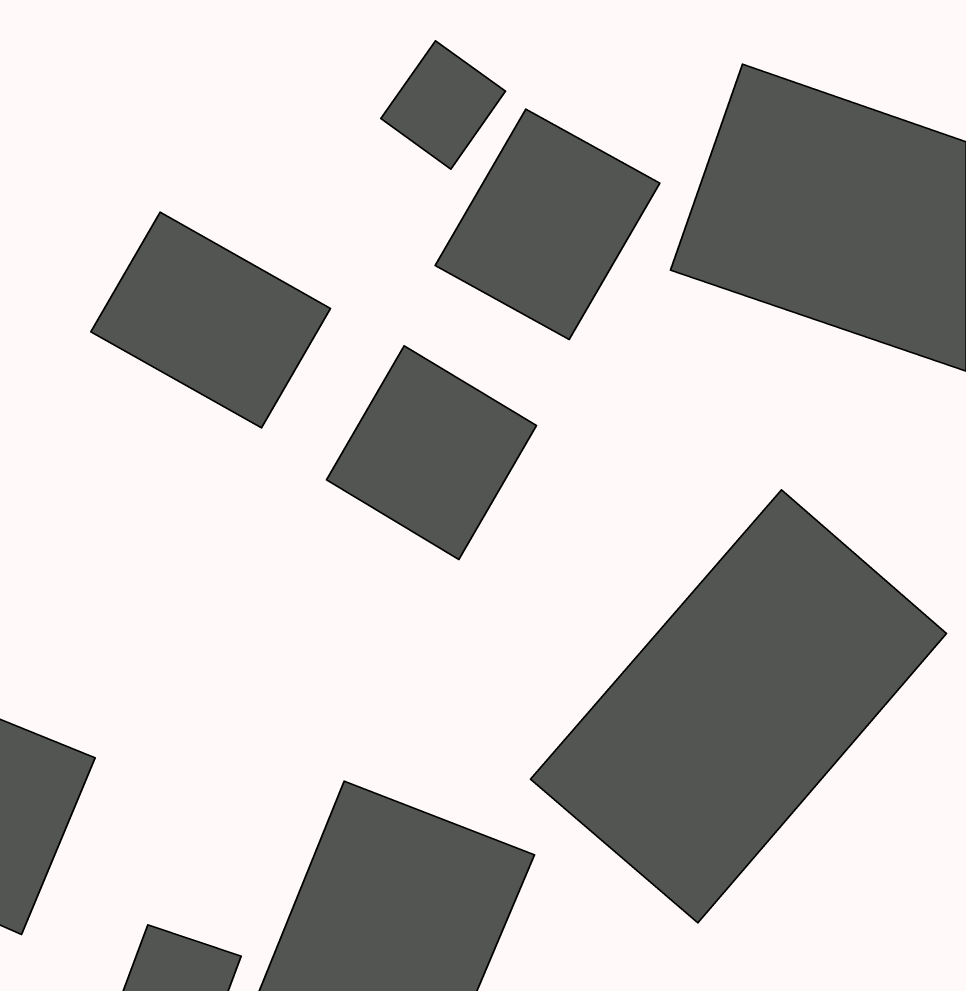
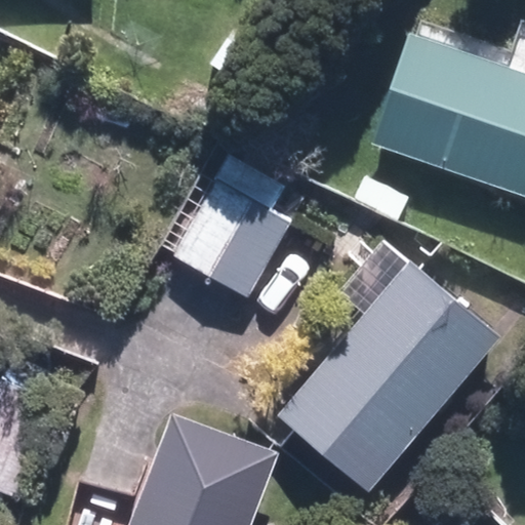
building: [435,109,660,340] -> none
building: [91,212,331,428] -> none

